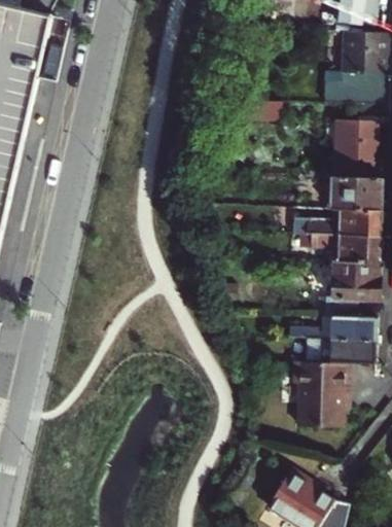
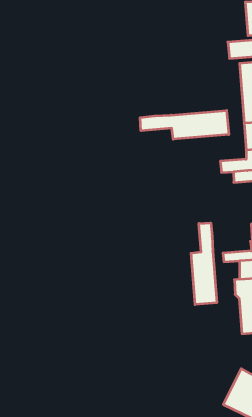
building: none -> [140,110,229,139]
building: none -> [191,223,217,305]

